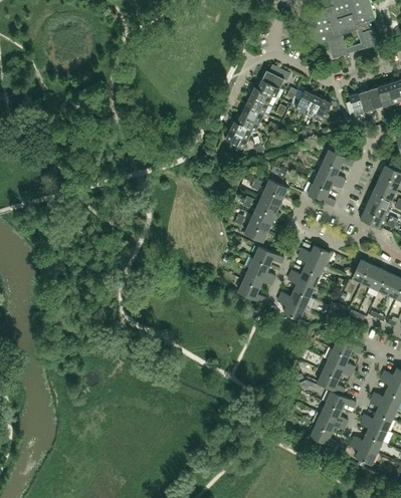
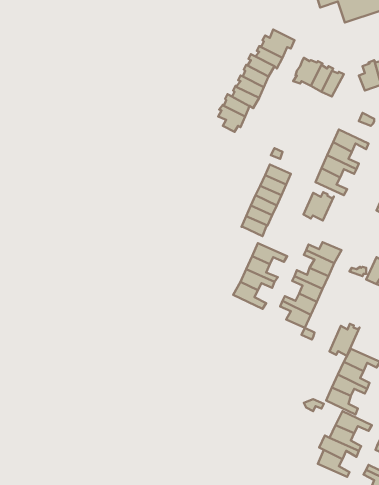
building: none -> [303,192,334,221]
building: none -> [330,324,359,356]

